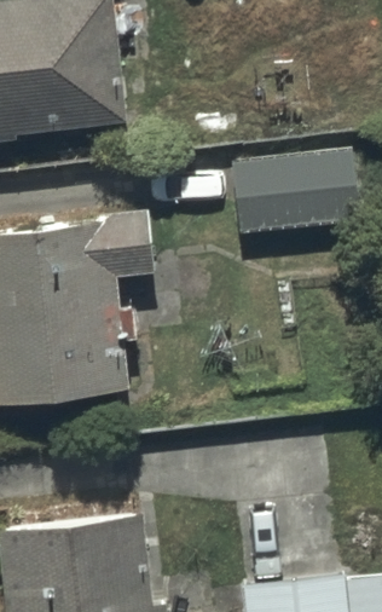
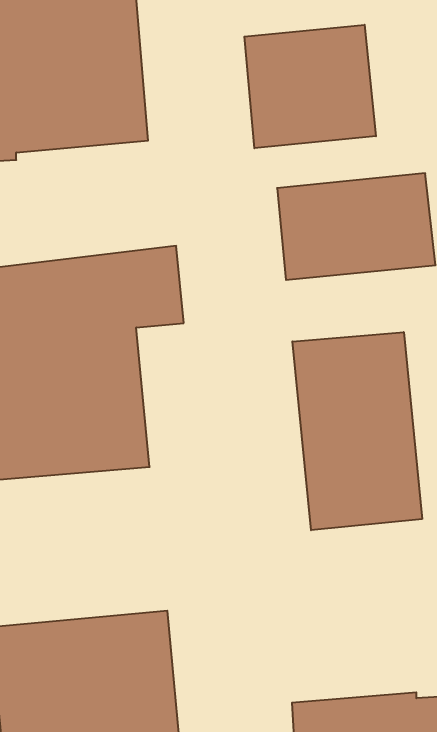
building: none -> [244,25,376,148]
building: none -> [292,332,422,530]

